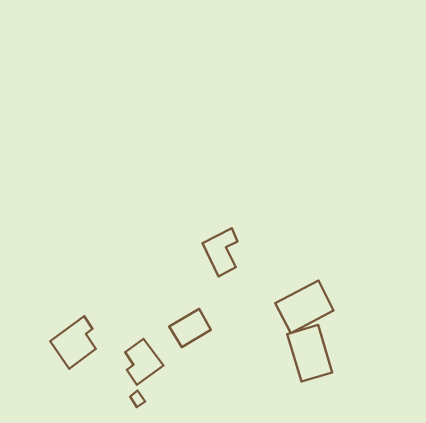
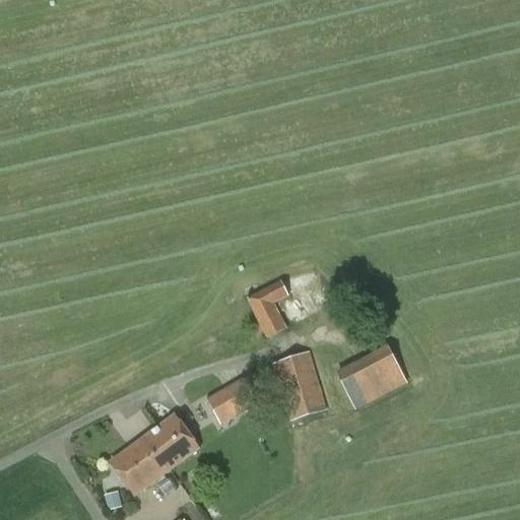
building: [50,316,96,369] -> [111,430,167,494]
building: [287,325,332,382] -> [272,350,327,419]

